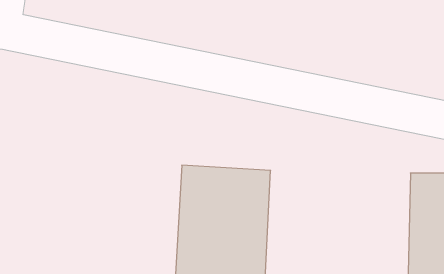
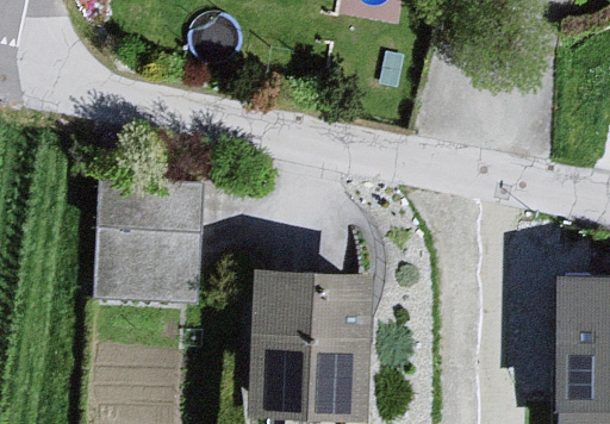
building: none -> [97,181,203,307]

